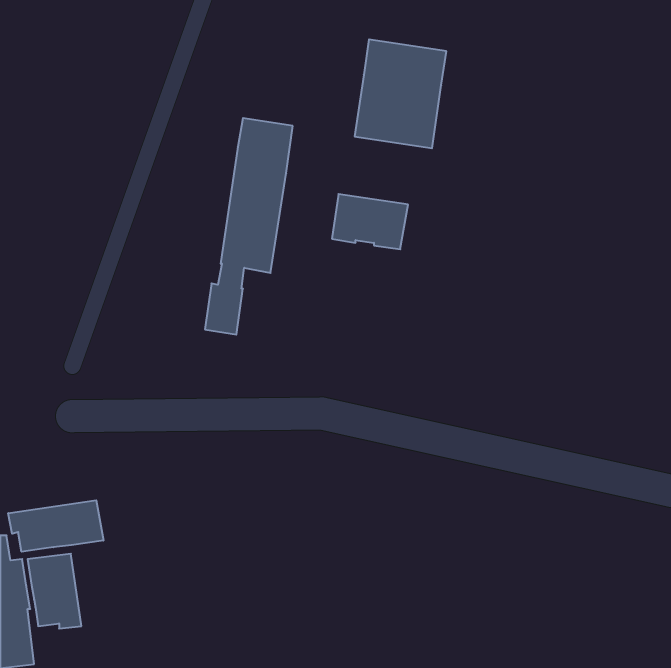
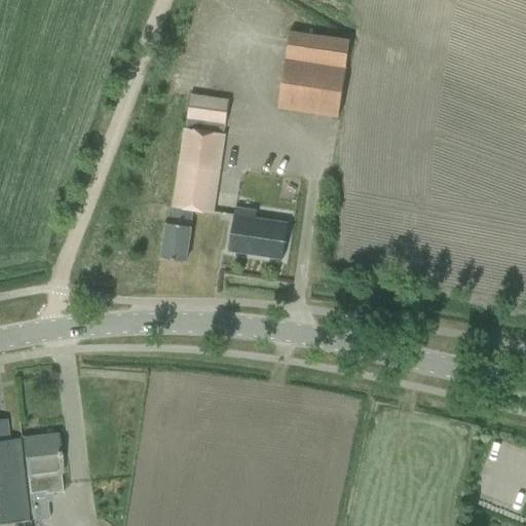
building: [332,194,408,249] -> [228,215,288,258]
building: [8,500,103,552] -> none

